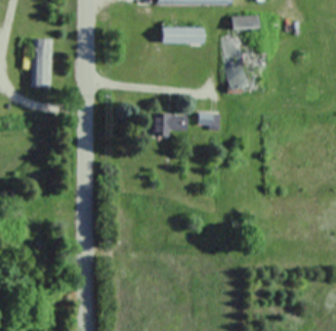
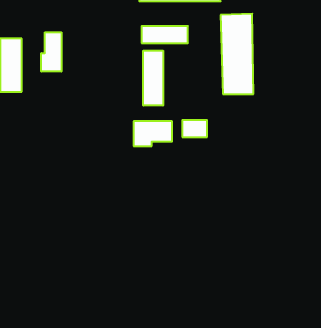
building: none -> [41,32,61,72]
building: none -> [143,51,163,106]

